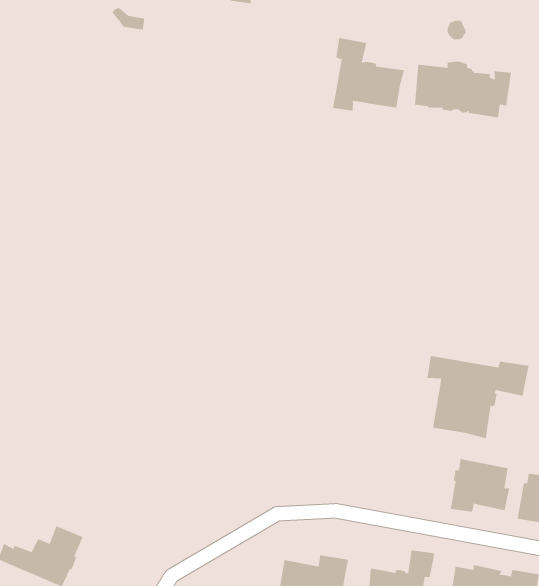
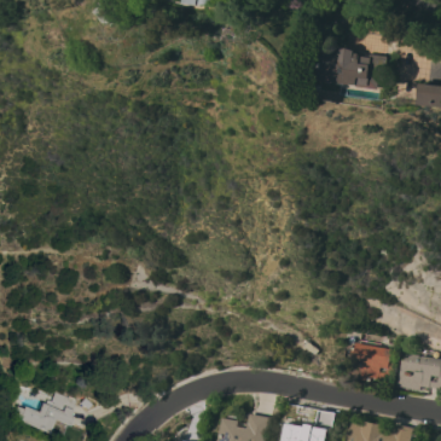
building: [333,37,405,112] -> none
building: [427,355,529,439] -> none

